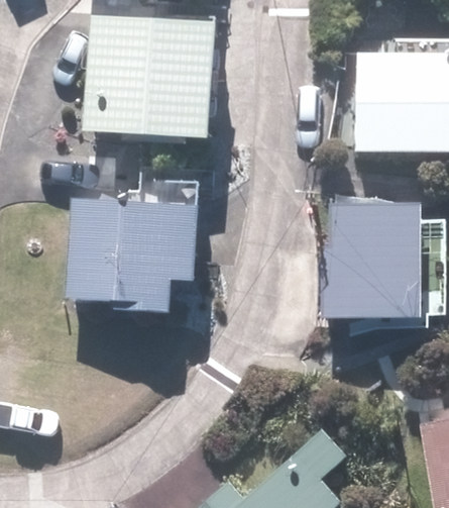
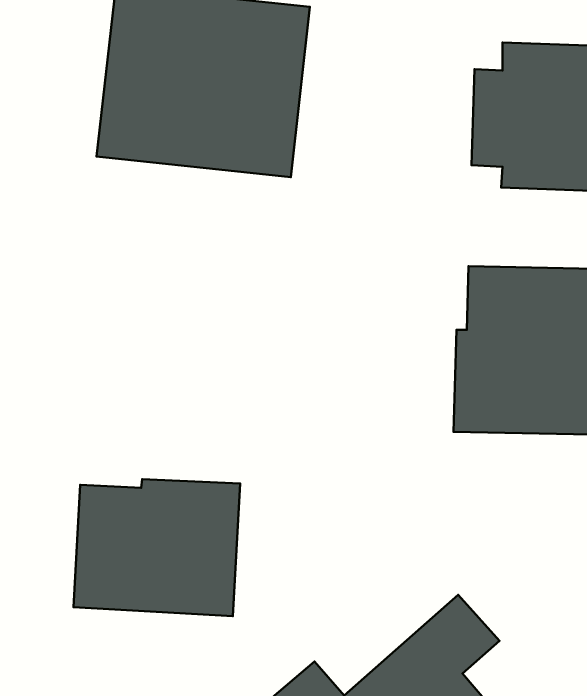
building: [69,195,202,314] -> none
building: none -> [73,479,240,616]

